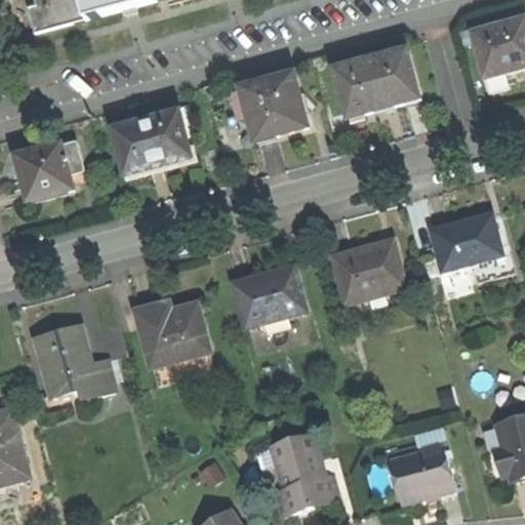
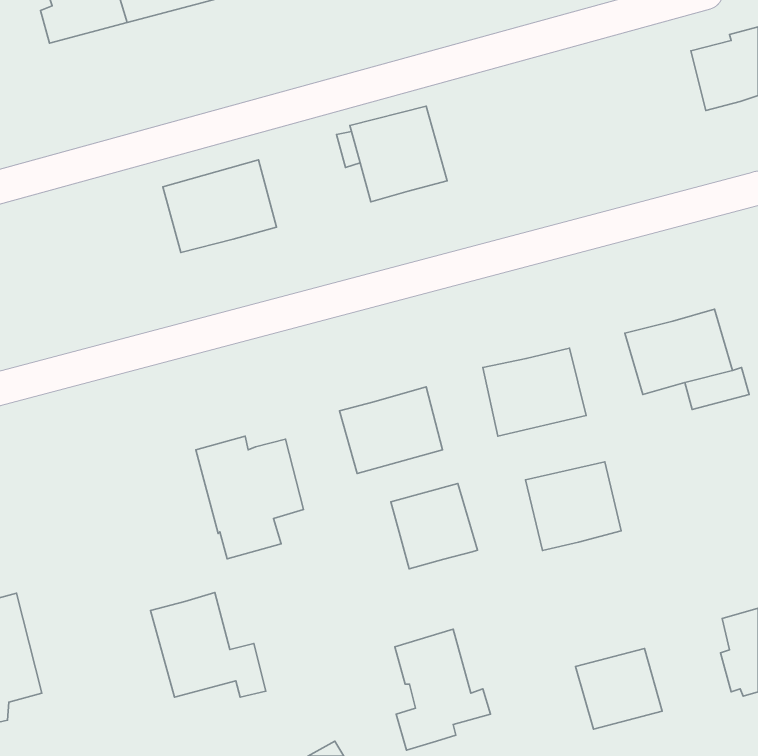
building: [333,47,418,116] -> none
building: [14,143,80,199] -> none
building: none -> [525,462,621,550]
building: [35,324,114,396] -> [151,593,266,697]
building: none -> [391,484,477,569]

